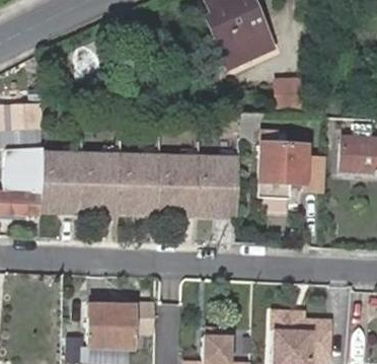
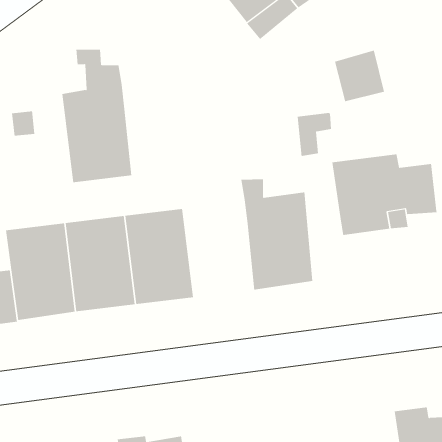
building: [156,130,200,218] -> [62,49,132,183]

